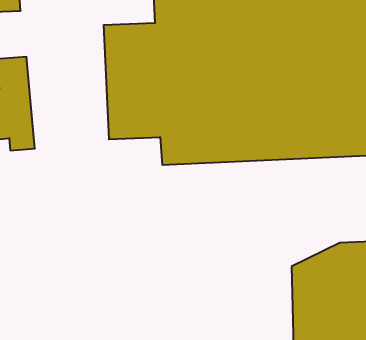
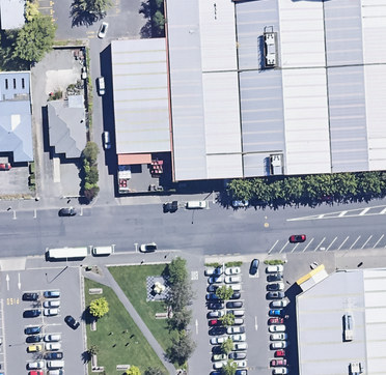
building: none -> [52,96,91,162]

